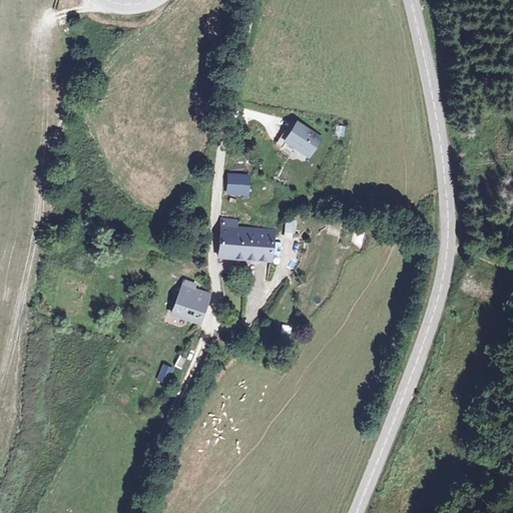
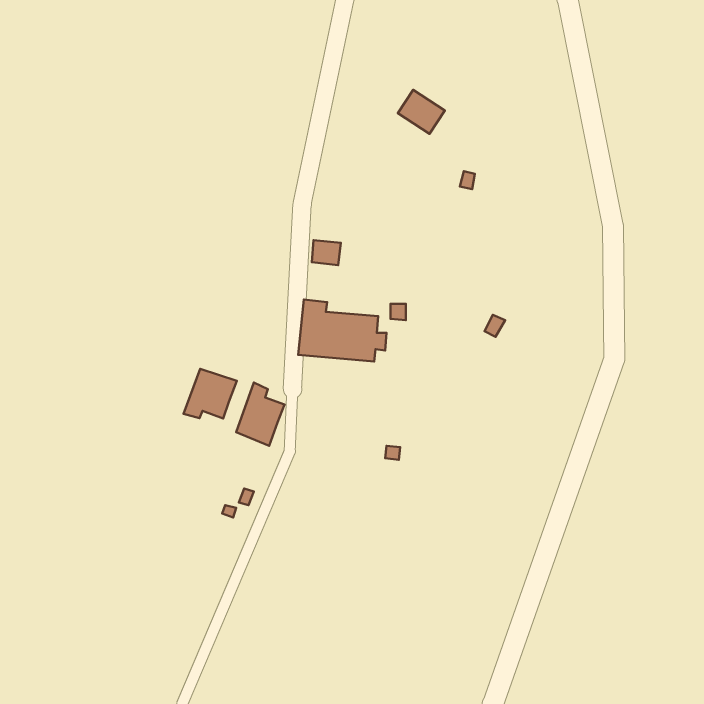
building: [287,122,321,154] -> [398,90,445,134]
building: none -> [183,369,237,419]

